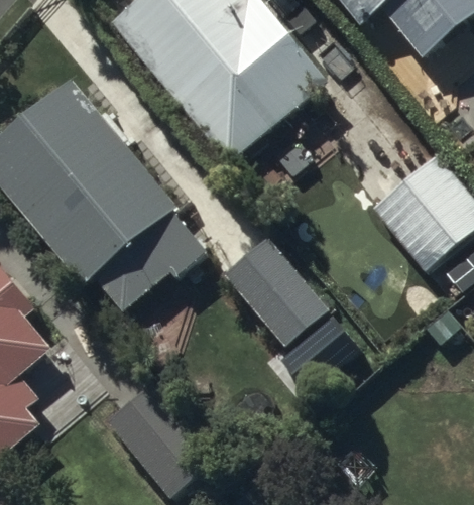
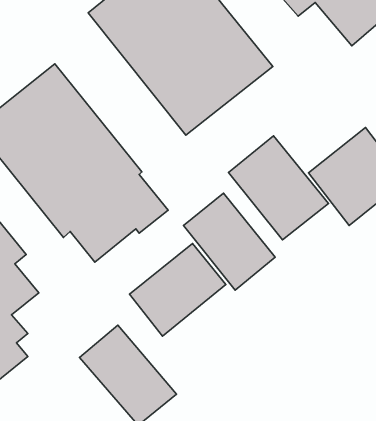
building: none -> [228,136,329,240]
building: none -> [130,244,226,336]

